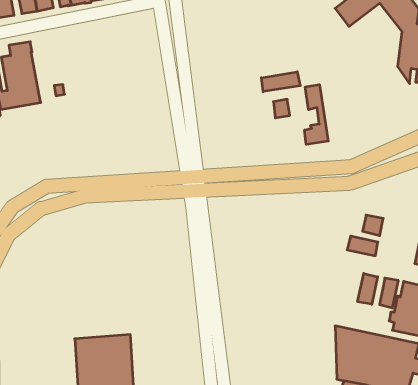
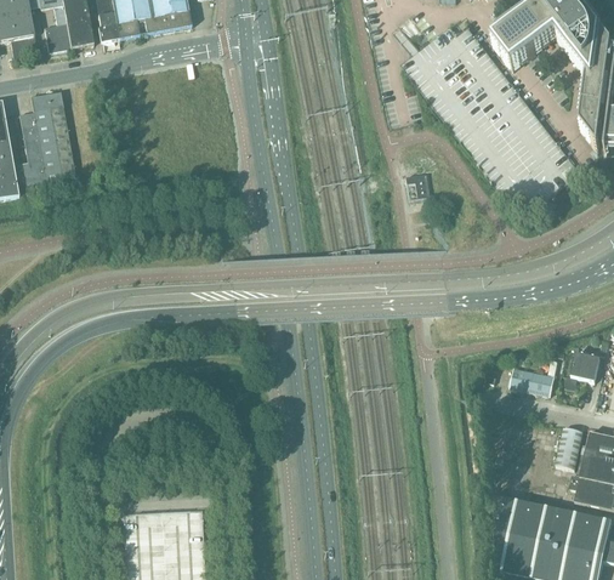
building: [261,72,300,92] -> none
building: [305,85,328,144] -> none
building: [363,215,383,236] -> [570,352,599,381]
building: [358,273,378,304] -> none

